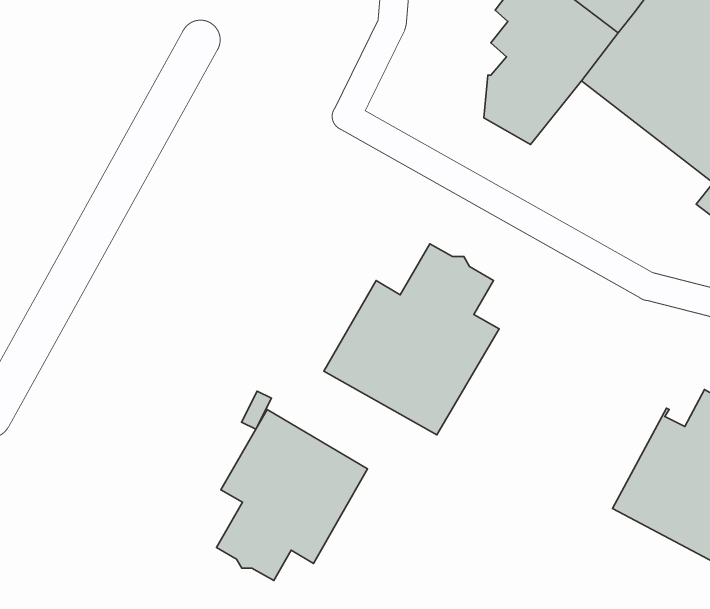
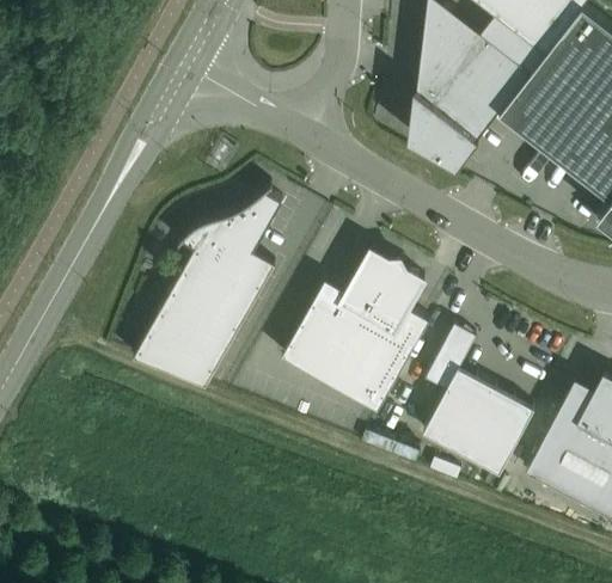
building: none -> [133,186,282,387]
building: none -> [420,336,531,475]
building: [217,409,367,580] -> none

